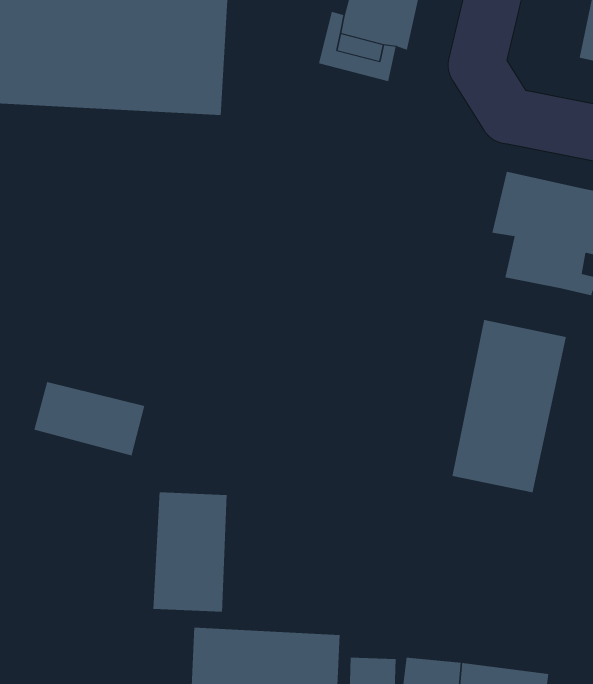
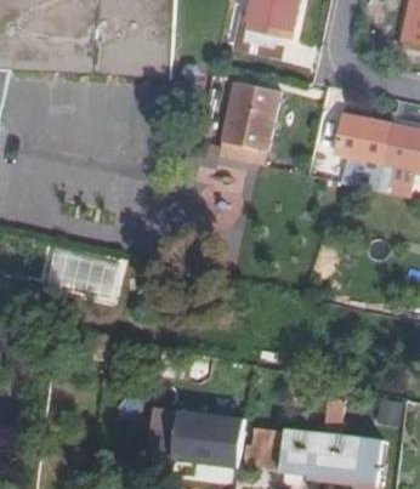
building: none -> [215,79,277,161]
building: [452,319,567,493] -> none
building: [153,491,227,613] -> none

